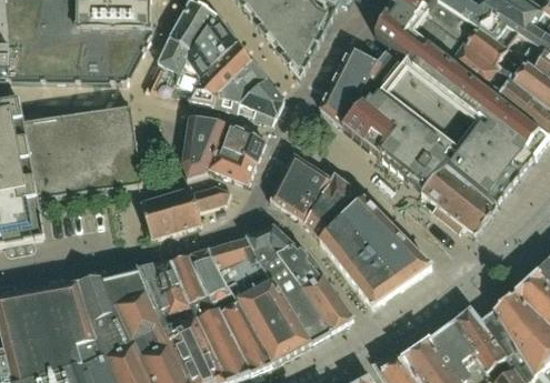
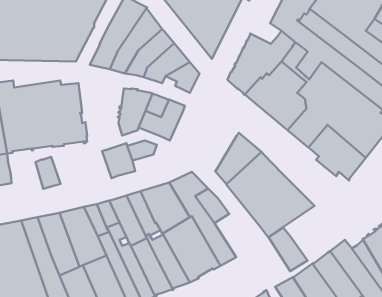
building: [269,151,332,220] -> none
building: [140,195,172,236] -> [35,157,61,189]
building: [303,275,353,331] -> [268,228,308,271]

